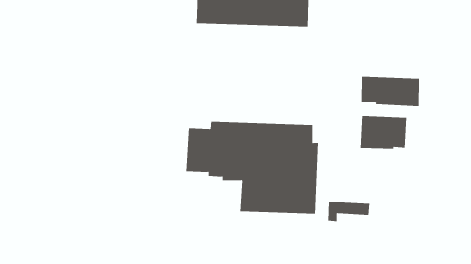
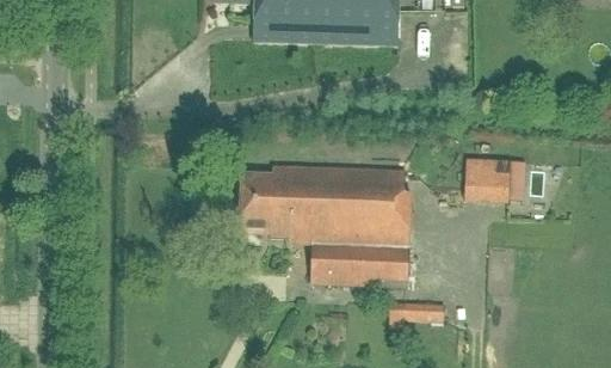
building: [361,76,420,107] -> none
building: [327,201,370,222] -> [389,301,444,327]

